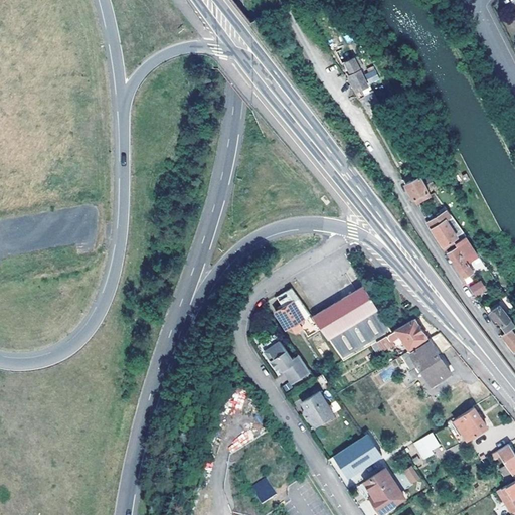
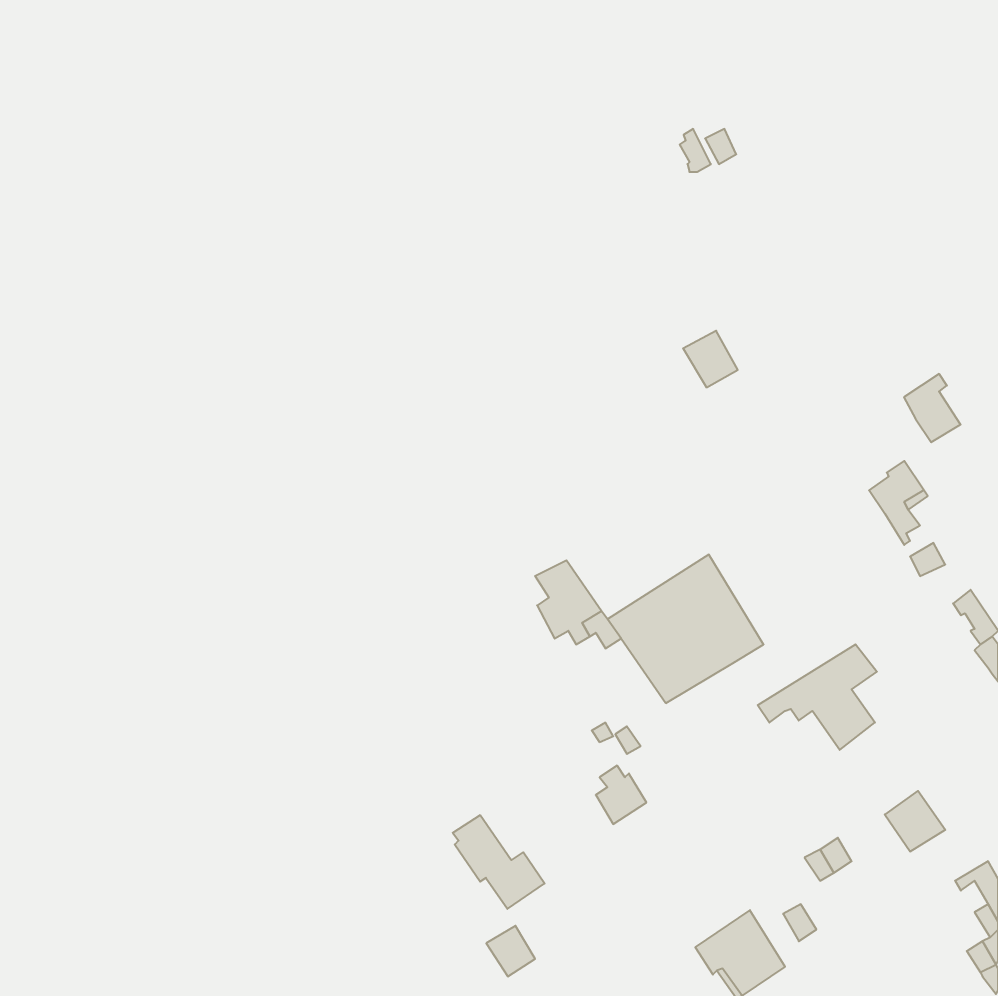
building: [404,176,433,205] -> [683,331,738,387]
building: [428,211,458,246] -> [904,374,961,442]
building: [378,319,427,350] -> none
building: [262,336,309,384] -> [453,815,545,909]
building: [336,434,383,478] -> none

